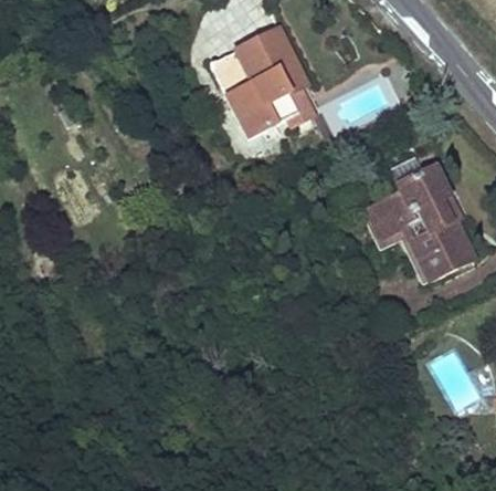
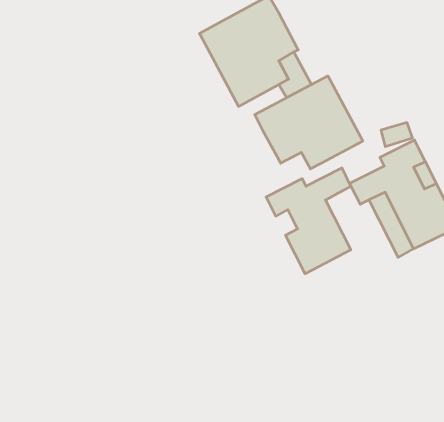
building: none -> [255,76,363,169]
building: none -> [266,168,351,274]

